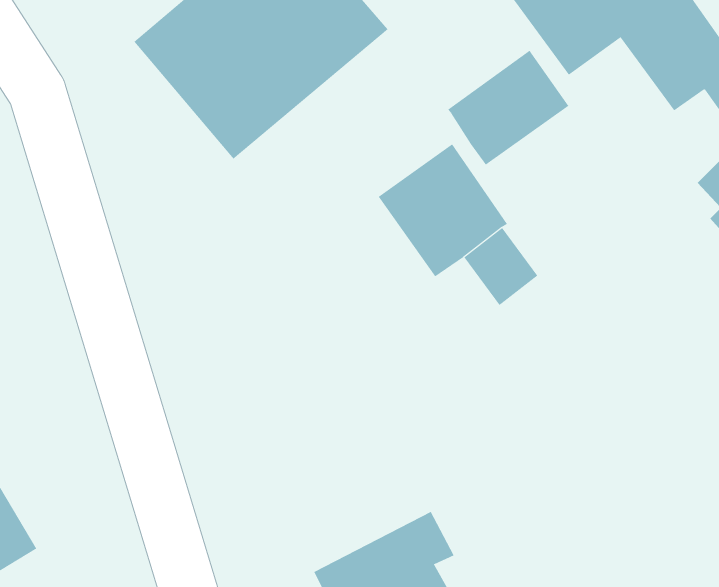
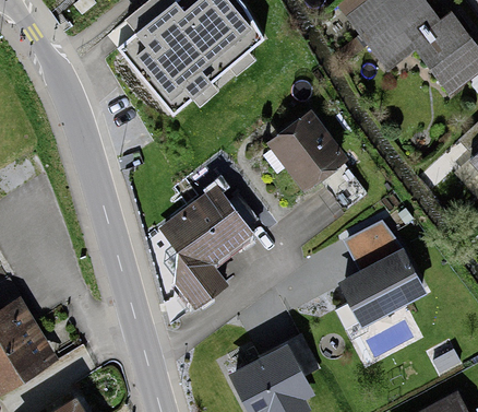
building: [448,50,569,165] -> none
building: none -> [159,183,256,313]
building: none -> [343,220,422,321]

